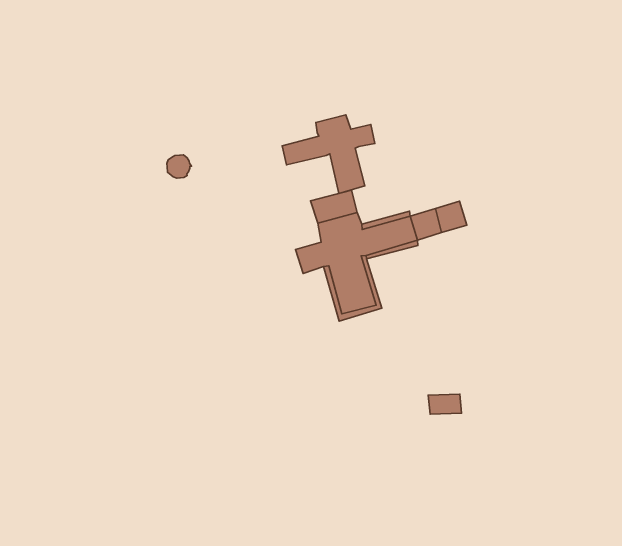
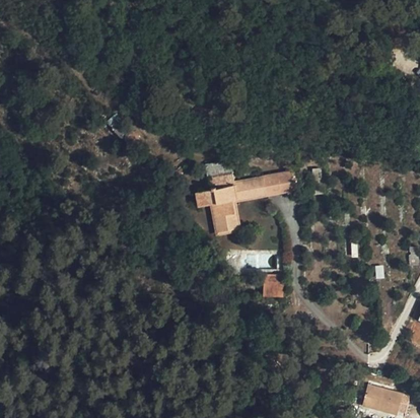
building: [282,115,375,193] -> none

